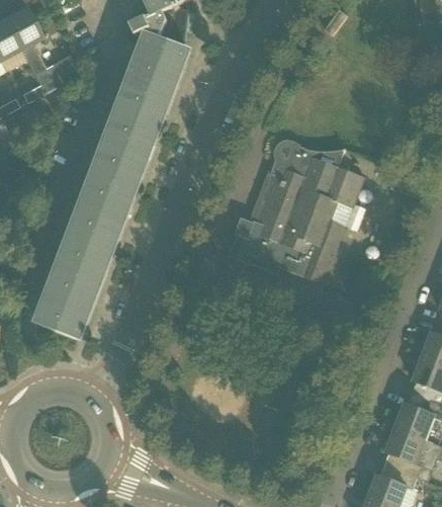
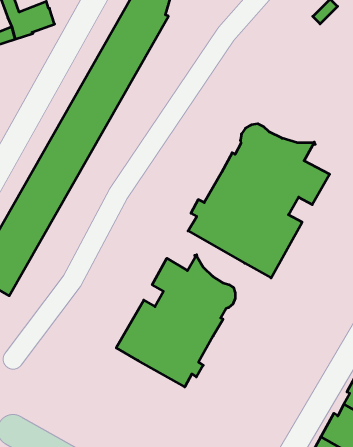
building: none -> [116,255,235,387]

